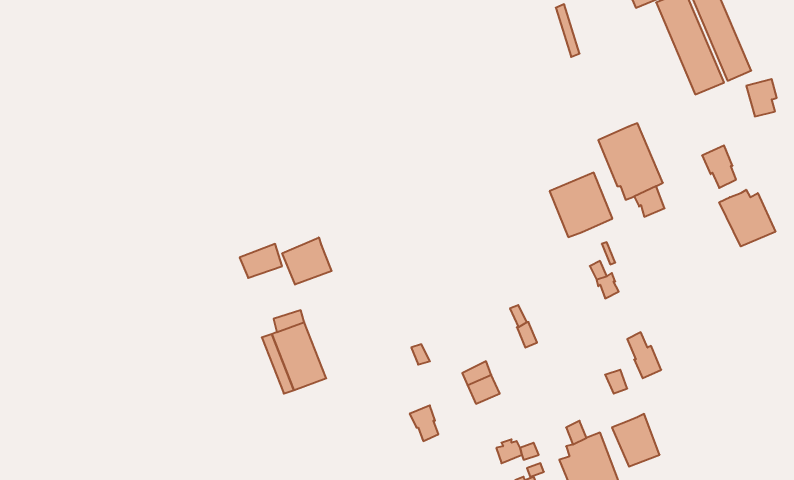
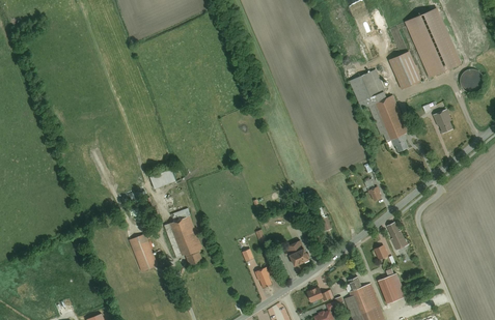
building: none -> [389,51,421,87]
building: [550,173,612,237] -> [349,68,387,108]
building: [719,190,775,246] -> none
building: [282,237,332,285] -> none
building: none -> [128,233,156,271]

